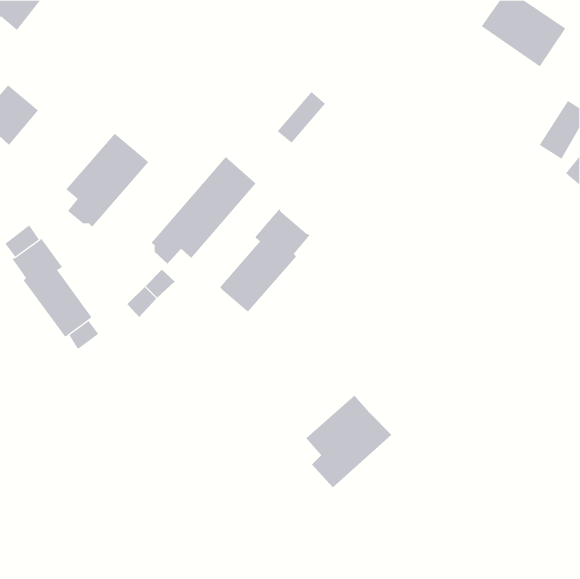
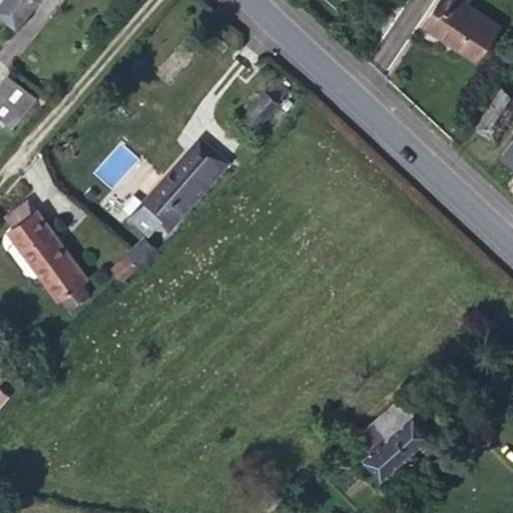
building: [65,133,149,227] -> none
building: [219,208,310,312] -> none
building: [306,395,392,488] -> [357,399,433,481]

